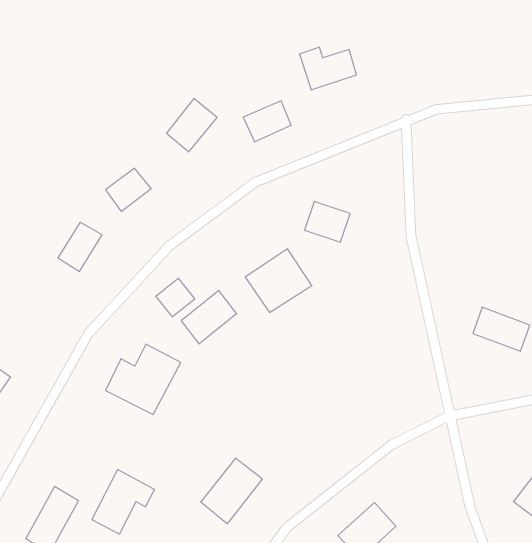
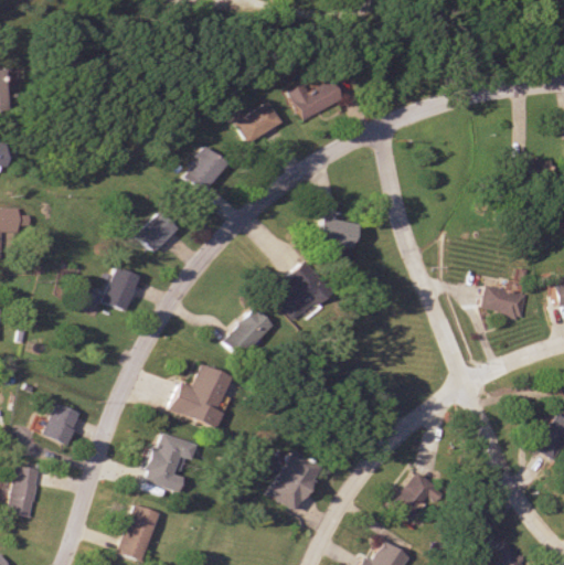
building: [243,101,291,142] -> [236,102,279,141]
building: [156,278,195,317] -> none
building: [92,470,155,534] -> [146,431,196,488]

